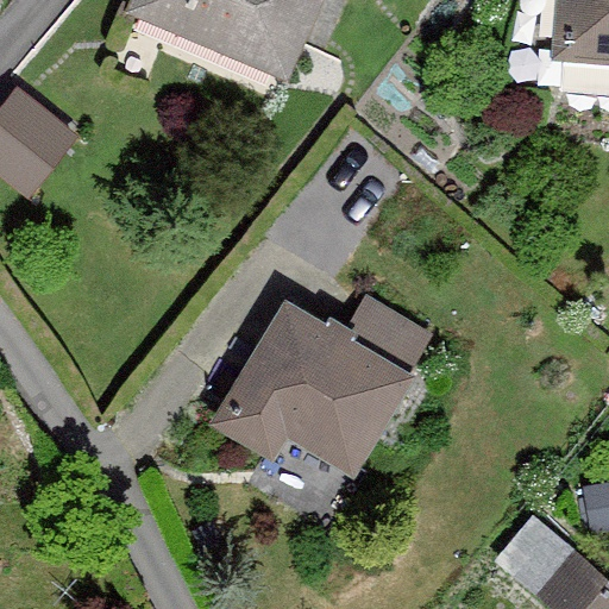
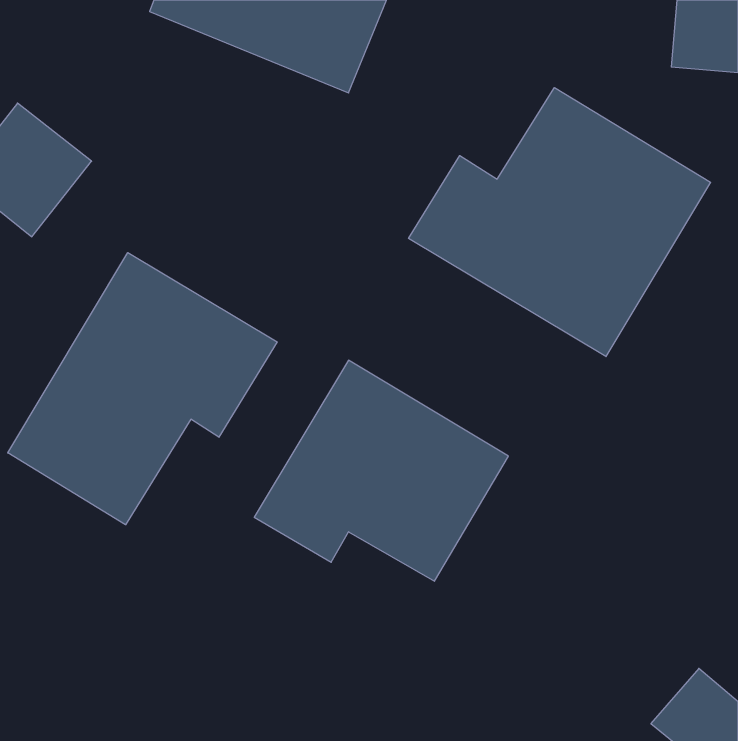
building: none -> [409,88,711,357]
building: none -> [8,253,277,525]

